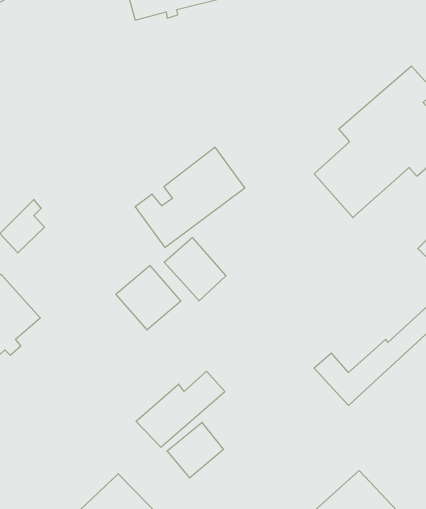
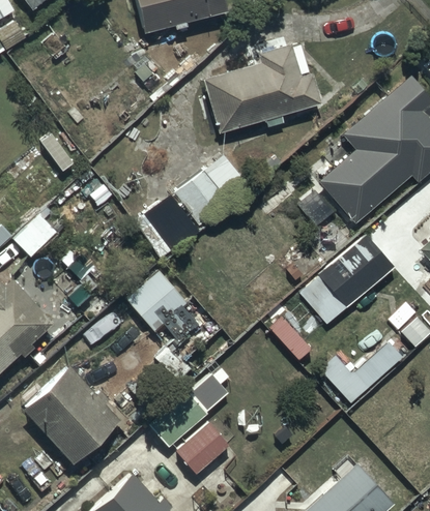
building: none -> [201,41,323,132]
building: none -> [300,233,396,324]
building: [164,237,226,301] -> none
building: none -> [27,366,121,461]

